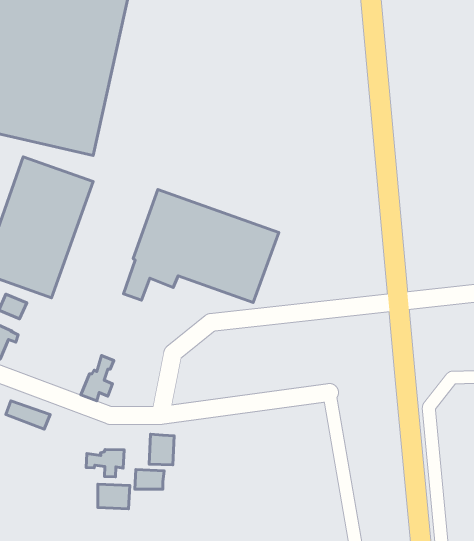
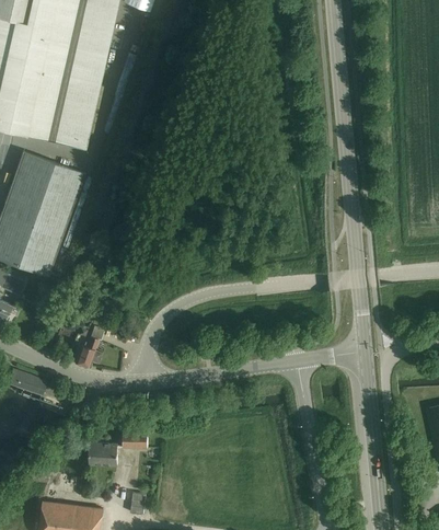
building: [124,189,279,303] -> none
building: [149,434,174,465] -> none
building: [86,449,124,477] -> none

